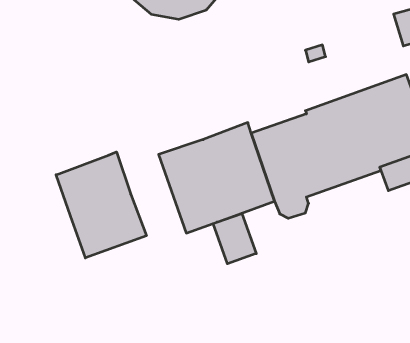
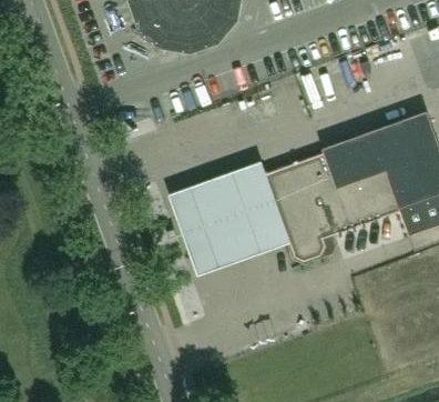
building: [56,152,146,258] -> none
building: [213,213,256,264] -> none

